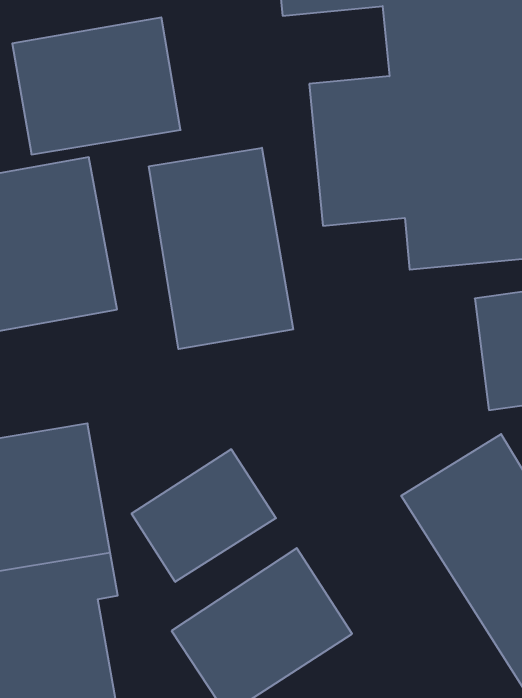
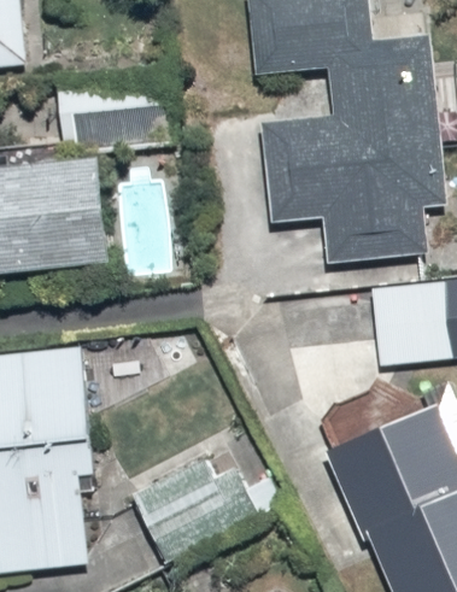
building: [149,148,293,349] -> none
building: [132,449,276,582] -> none

